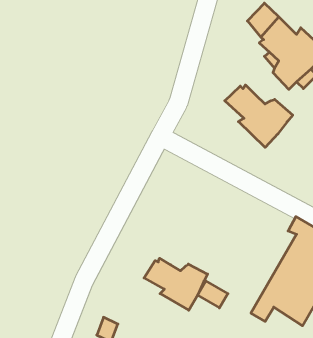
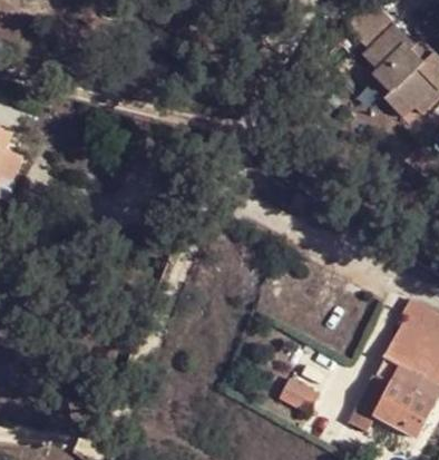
building: [225,85,293,147] -> none
building: [144,258,208,310] -> none

